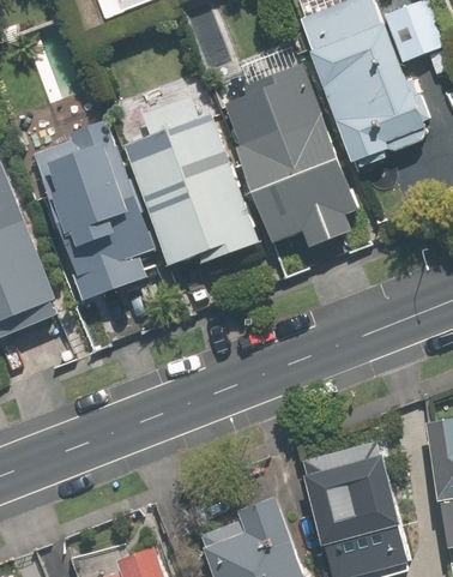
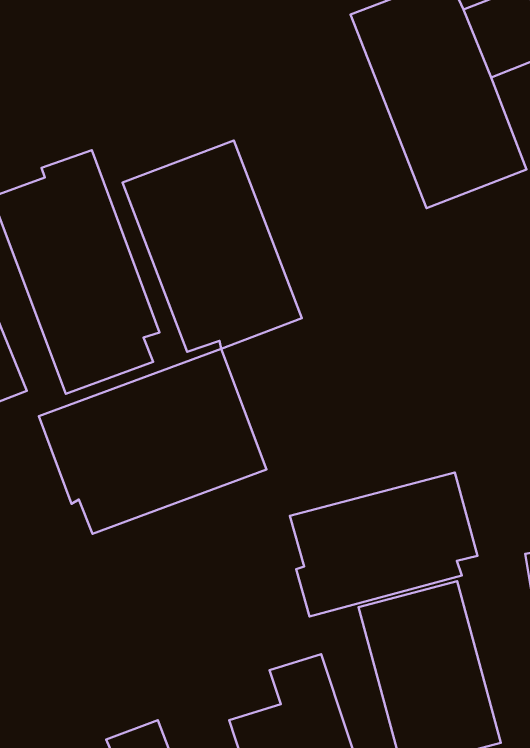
building: [218,66,360,250] -> none
building: none -> [39,349,266,534]
building: none -> [290,472,477,617]

